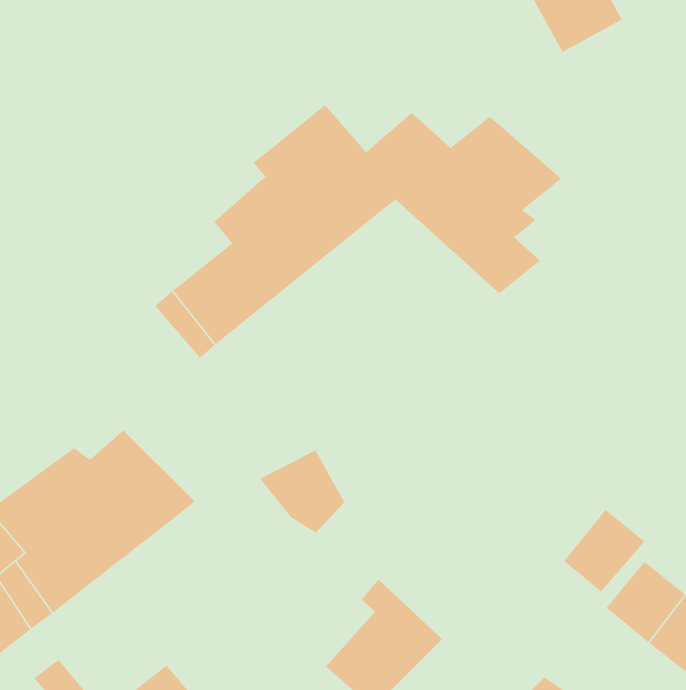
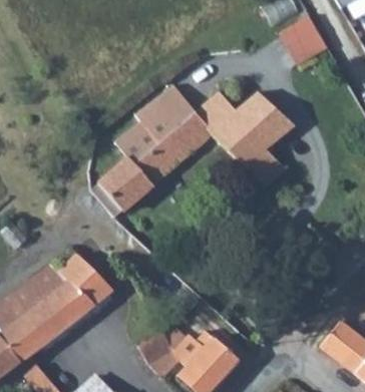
building: [259,449,345,533] -> [133,333,177,376]
building: [563,509,646,593] -> none

